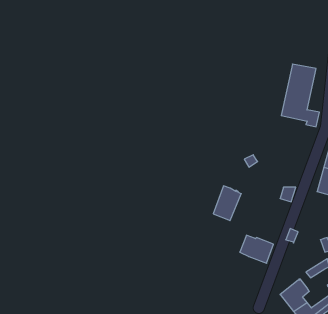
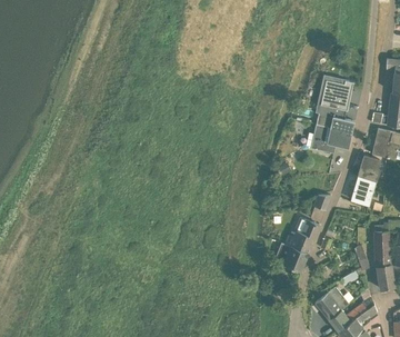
building: none -> [310,125,350,153]
building: [213,186,241,221] -> [291,218,319,252]

